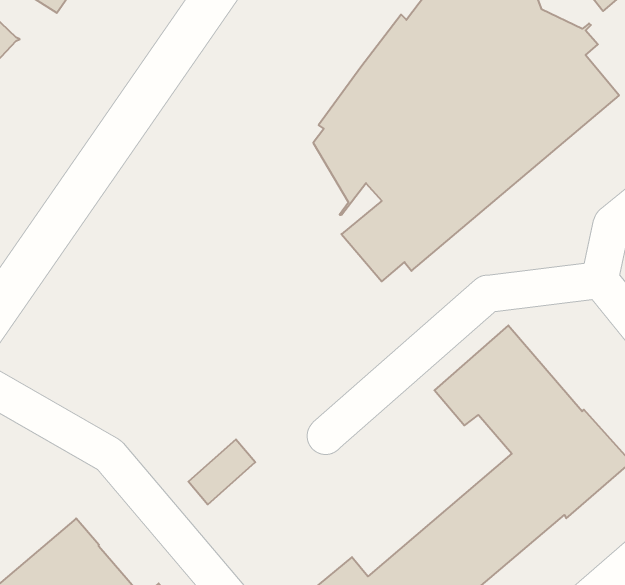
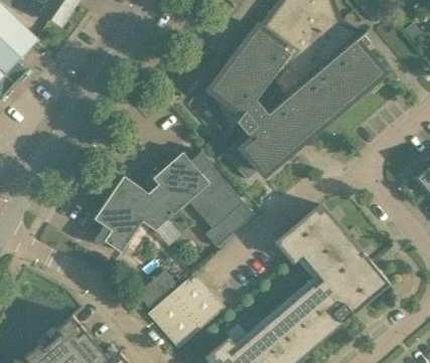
building: none -> [93,150,254,250]
building: none -> [148,271,225,347]

